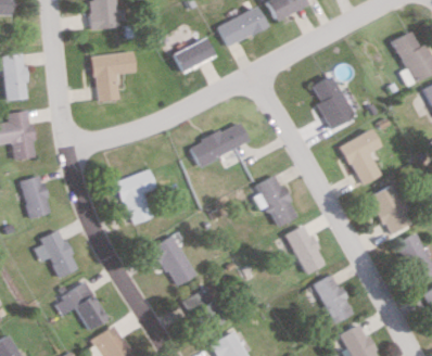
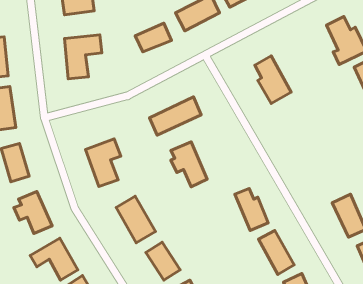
building: [336,130,376,186] -> none
building: [253,175,294,226] -> [171,142,207,187]
building: [366,183,410,234] -> none

